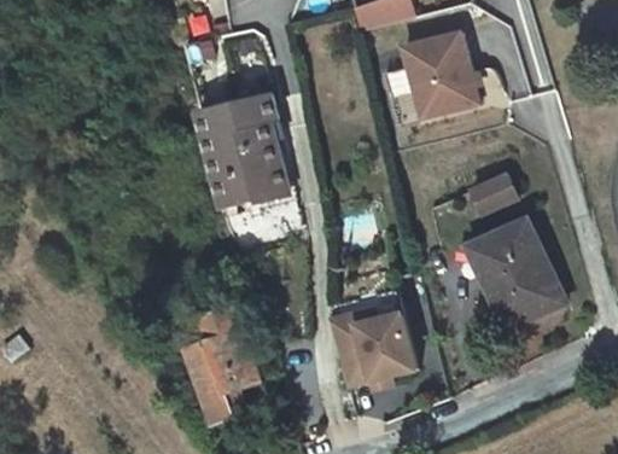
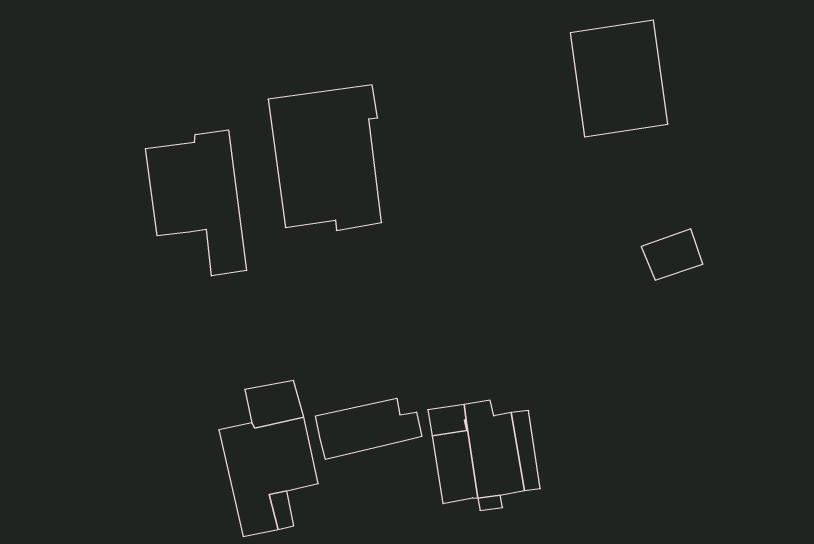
building: none -> [145,130,246,276]
building: [468,220,564,328] -> none
building: none -> [316,398,422,459]

